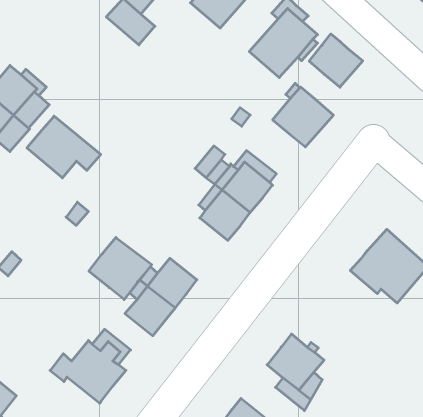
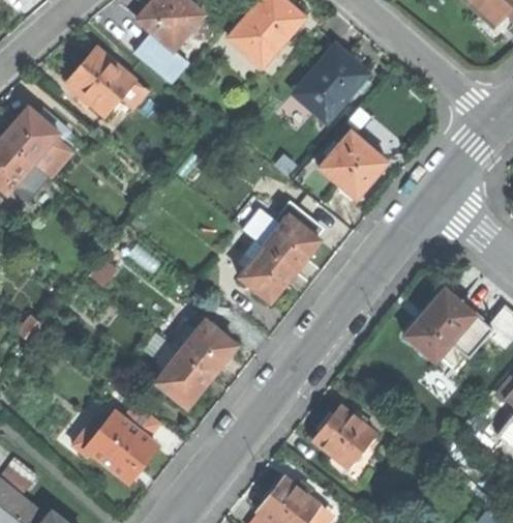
building: [309,34,363,87] -> none
building: [27,116,101,178] -> [66,48,148,116]
building: [89,237,152,300] -> none

